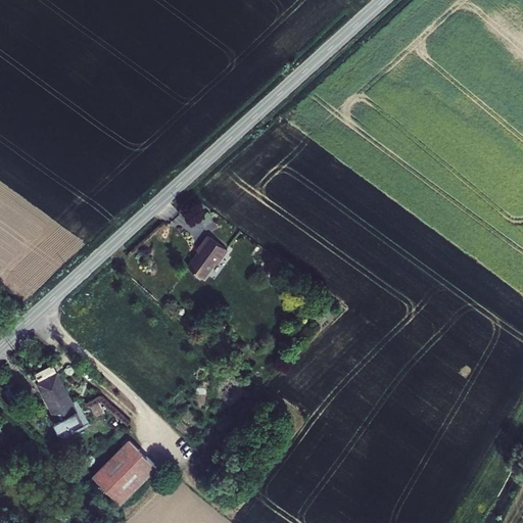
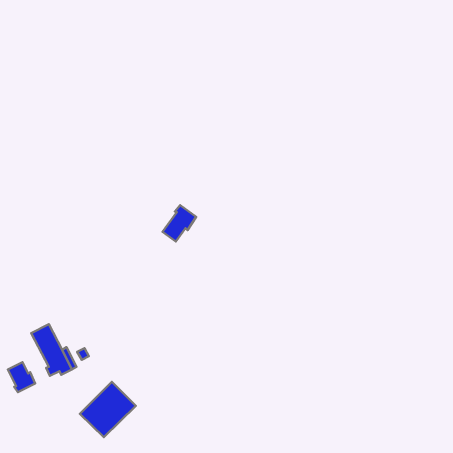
building: none -> [8,362,35,392]

